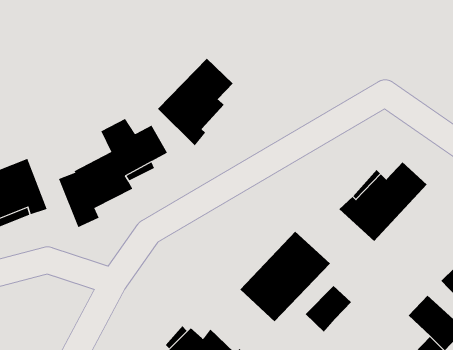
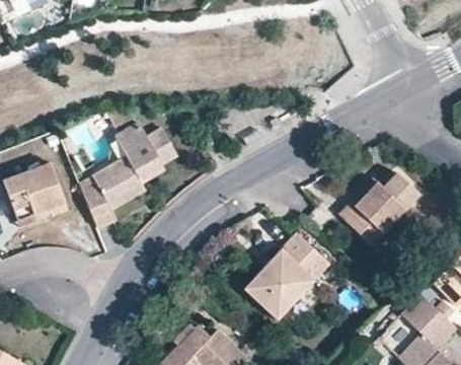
building: [157,58,233,146] -> none
building: [305,285,352,332] -> none

